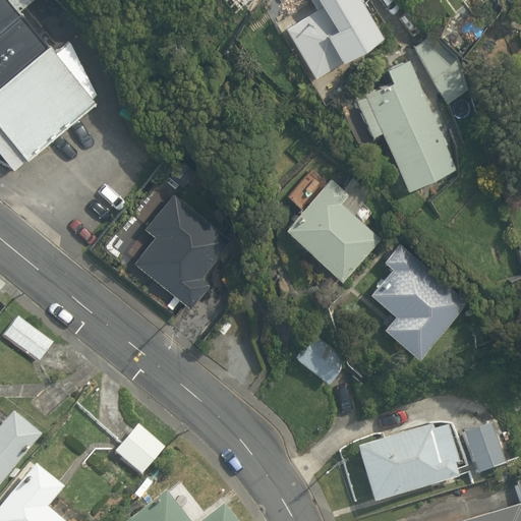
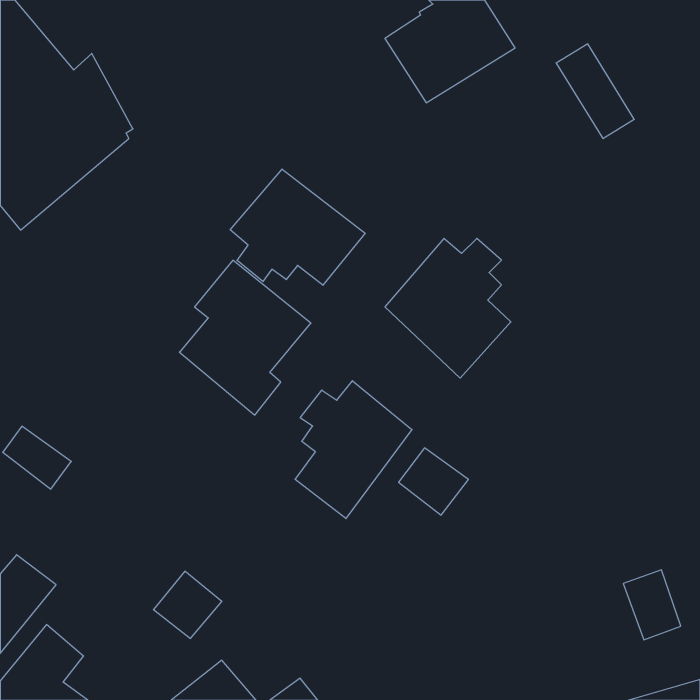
building: [357,58,456,191] -> none
building: none -> [230,169,365,285]
building: [369,242,466,358] -> none
building: none -> [295,381,412,519]
building: [357,425,459,504] -> none

